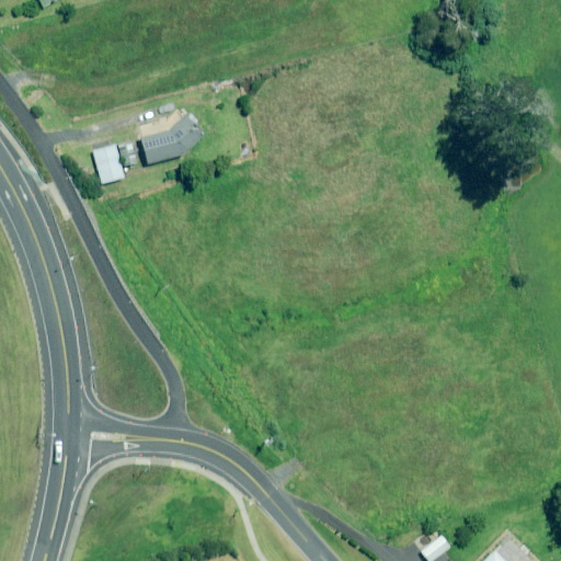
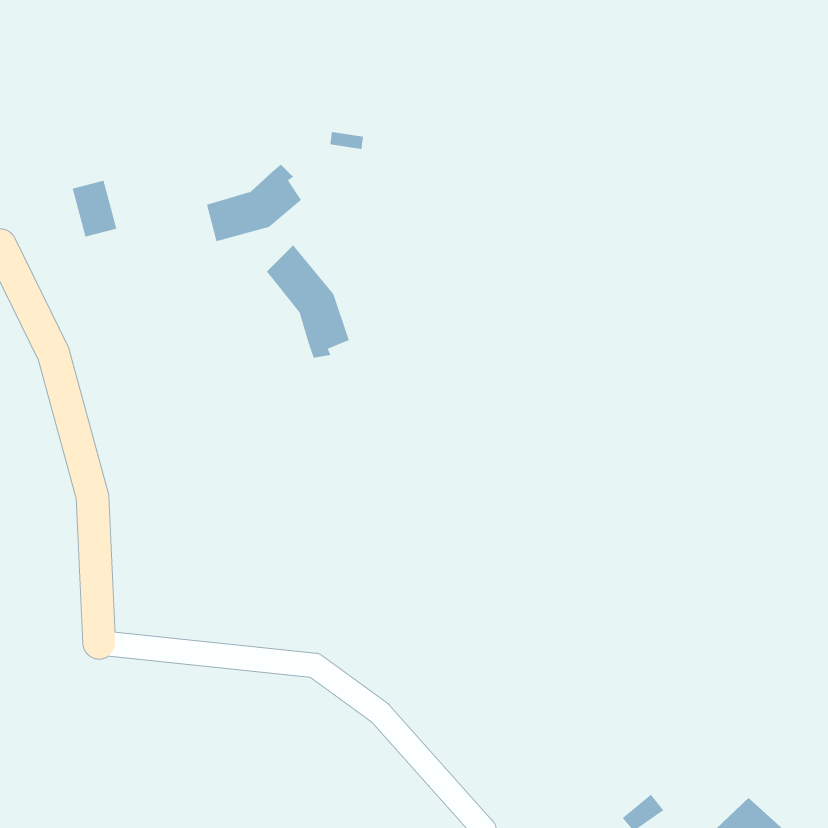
building: [93,146,124,184] -> [72,180,117,237]
building: none -> [266,245,350,358]

